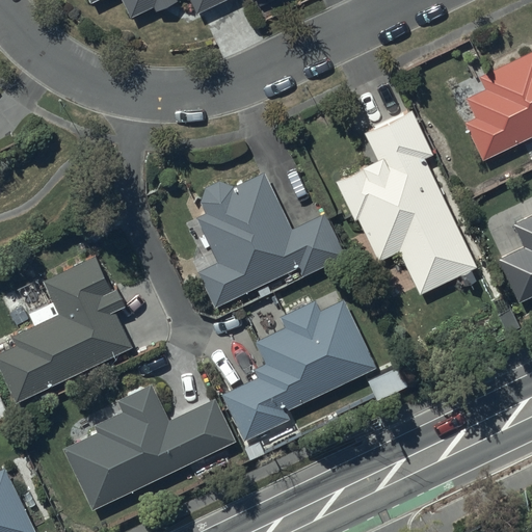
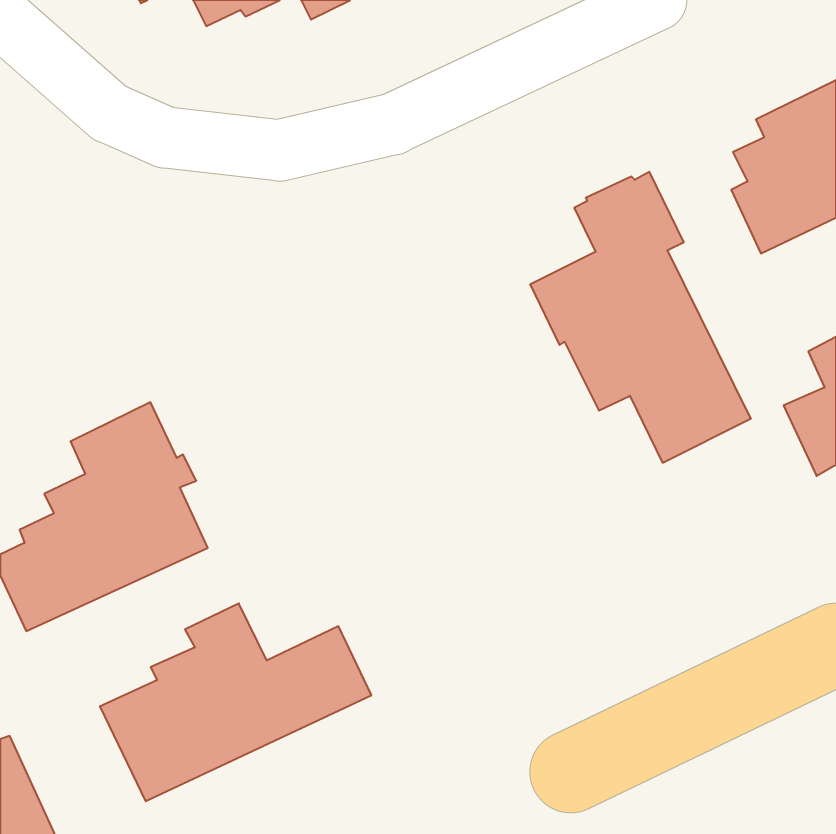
building: [196,174,345,309] -> none
building: [221,301,374,441] -> none

